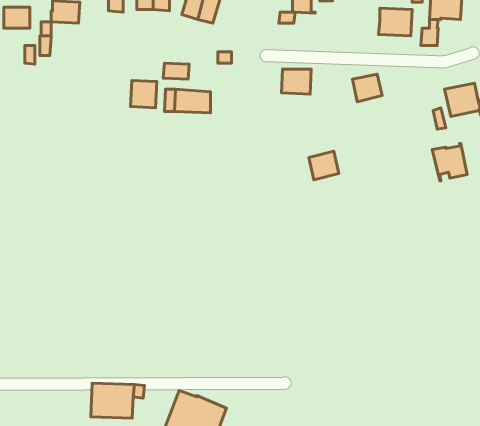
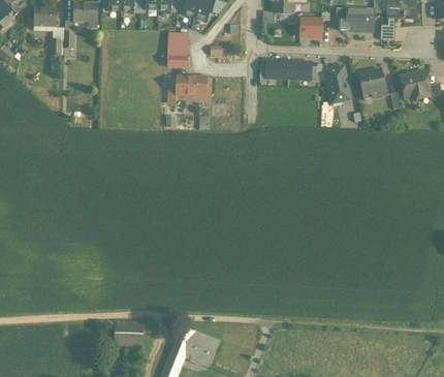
building: none -> [298,18,322,38]
building: none -> [288,59,312,81]
building: [131,80,157,108] -> [167,32,189,55]
building: [432,143,467,181] -> [357,68,386,99]
building: [309,151,339,180] -> [327,81,352,104]

